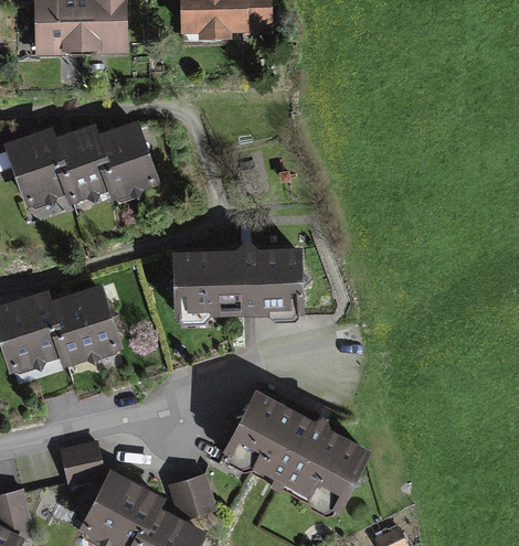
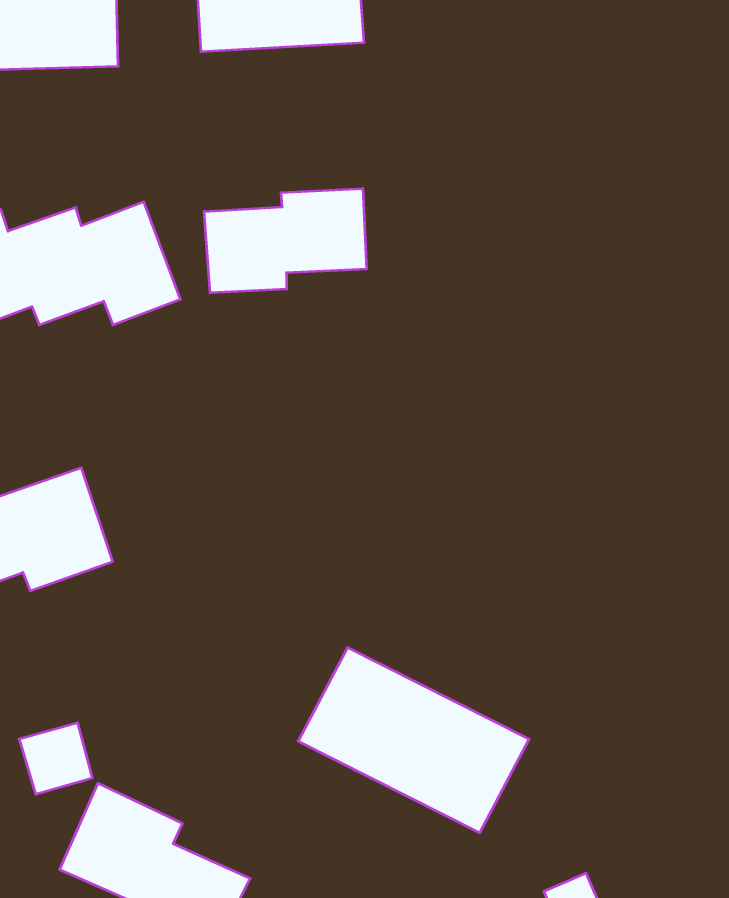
building: none -> [204,188,366,293]
building: [177,249,299,313] -> none
building: [171,477,214,520] -> none

